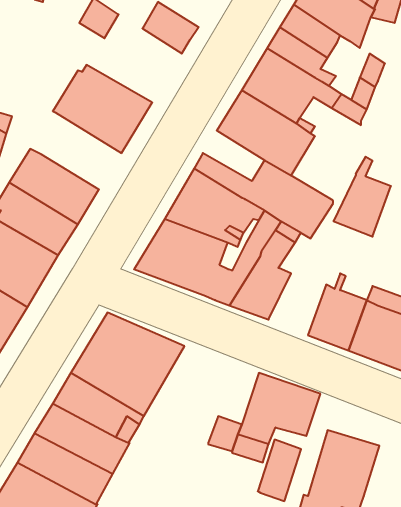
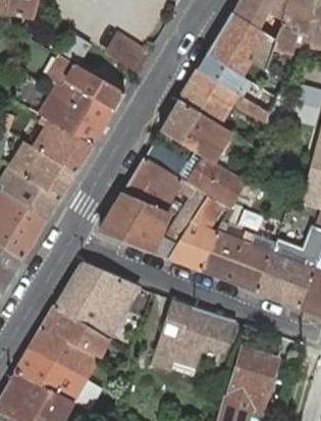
building: none -> [48,59,124,109]
building: none -> [21,116,92,172]
building: [333,157,391,237] -> [199,220,240,278]
building: [258,440,301,501] -> [160,299,192,344]

